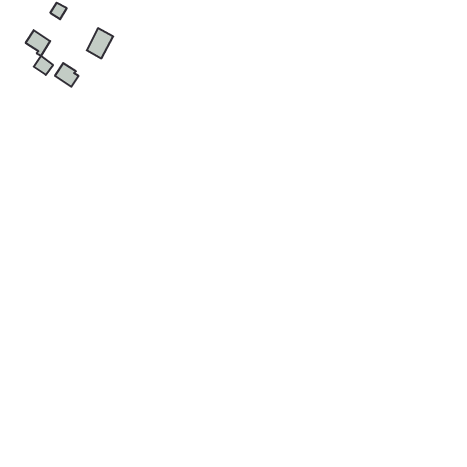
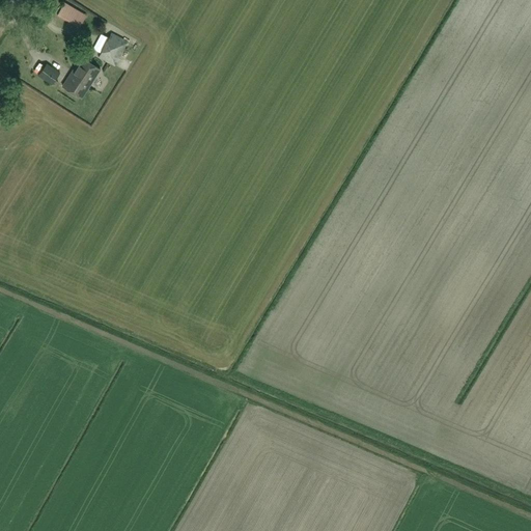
building: [26,30,50,56] -> [72,57,100,86]

